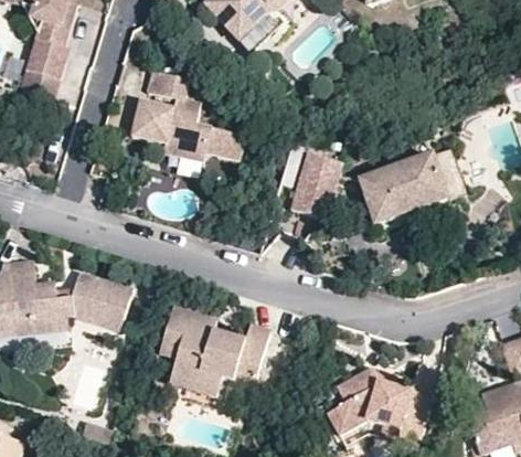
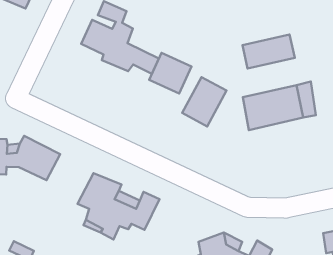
building: none -> [242,35,295,68]
building: none -> [149,53,191,93]

